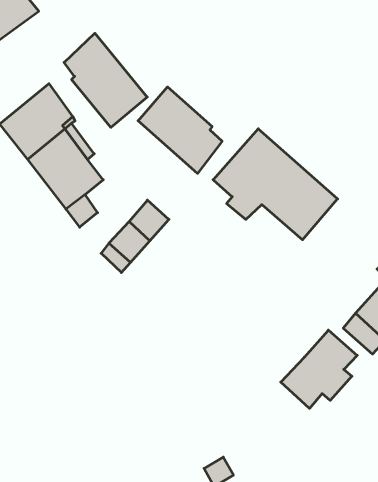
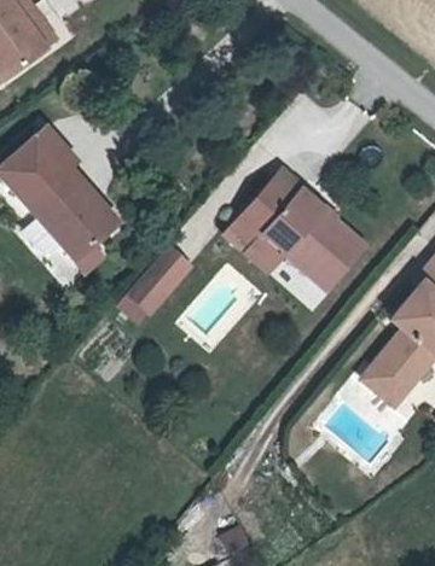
building: [64,33,147,127] -> none
building: [138,87,222,173] -> none
building: [281,330,357,408] -> none

